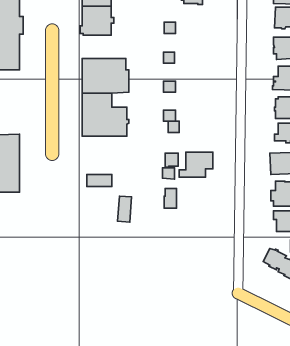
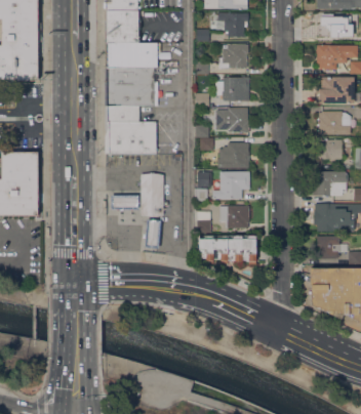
building: none -> [214,12,248,37]
building: none -> [104,43,160,69]
building: none -> [218,45,248,69]
building: none -> [215,77,248,102]
building: none -> [215,108,248,132]
building: none -> [216,142,248,168]
building: none -> [141,173,163,217]
building: none -> [218,205,248,227]
building: none -> [198,236,255,264]

